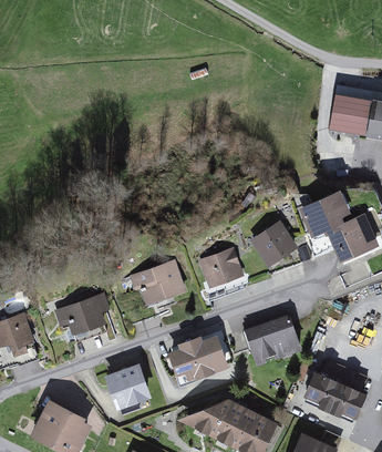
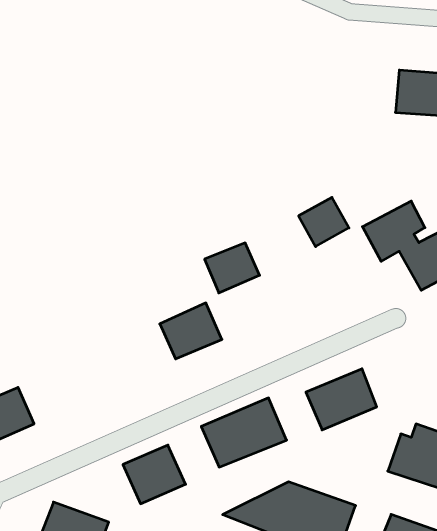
building: [257,223,295,259] -> [299,197,349,247]
building: [199,247,240,284] -> [205,243,260,293]
building: [58,292,104,330] -> none

